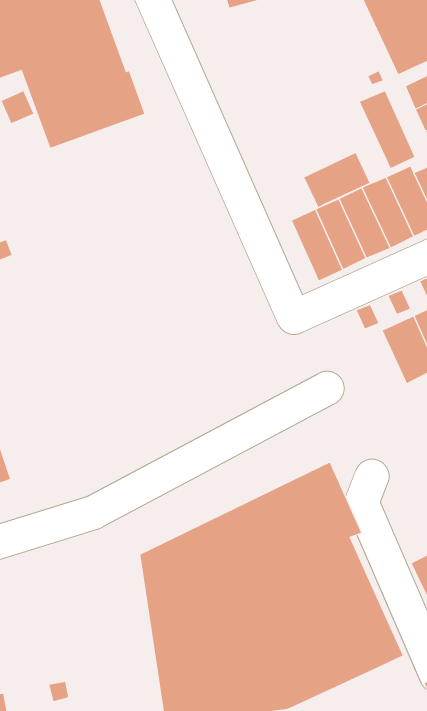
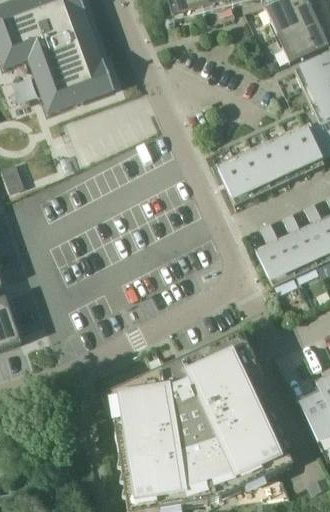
building: [359,91,415,169] -> none
building: [304,152,370,208] -> none
building: none -> [255,239,295,286]

